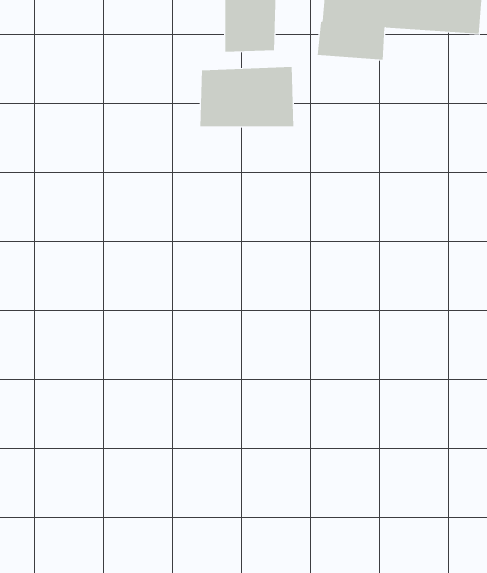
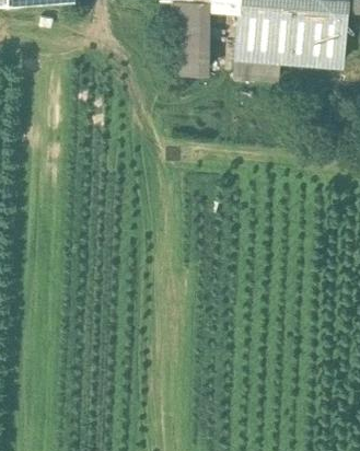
building: [200,66,294,127] -> none

